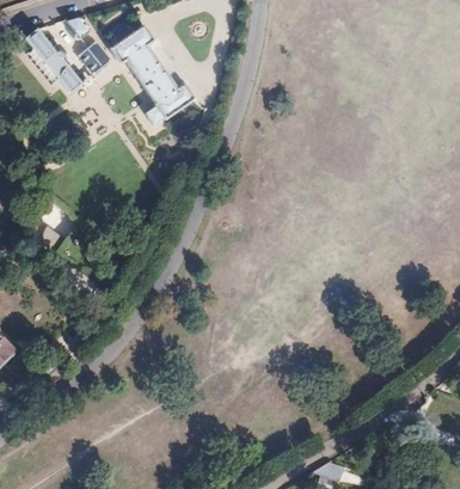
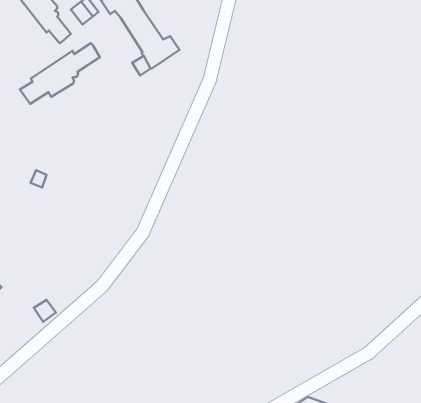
building: none -> [20,43,100,104]

